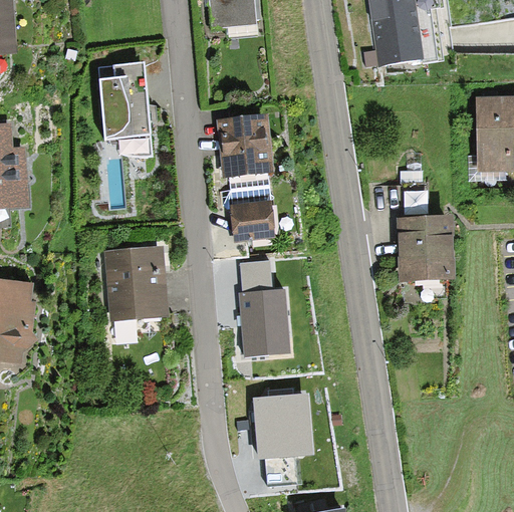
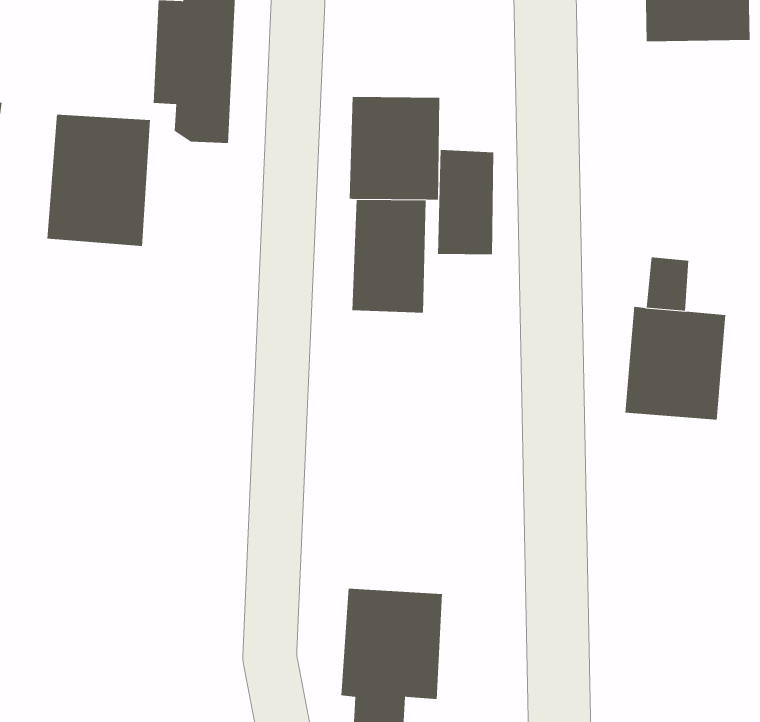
building: none -> [438,149,494,255]
building: [106,245,166,320] -> [46,114,151,246]
building: [238,261,291,356] -> none

